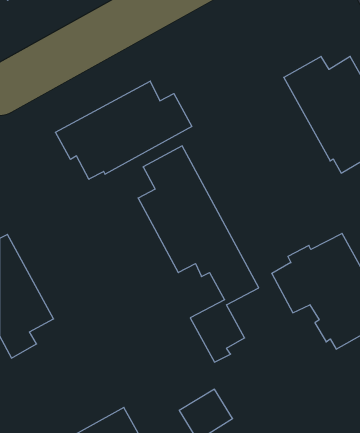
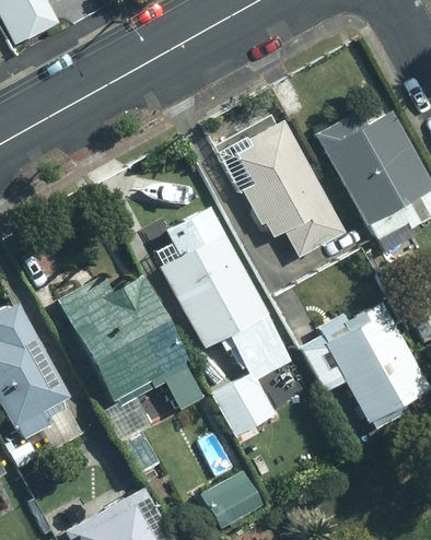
building: none -> [222,119,345,255]
building: [55,81,192,179] -> none
building: none -> [56,274,201,471]

